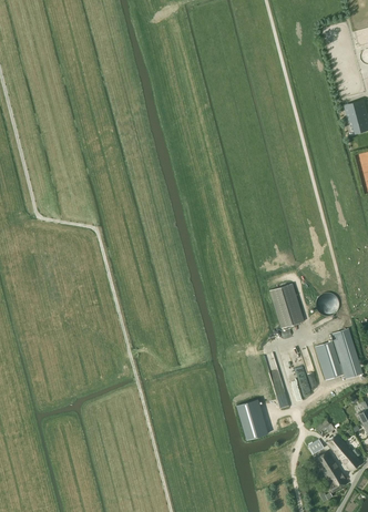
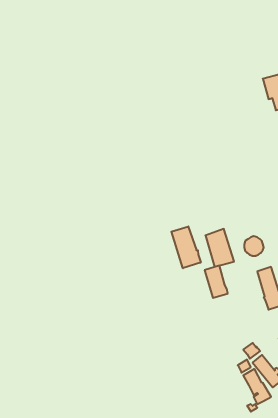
building: none -> [171,226,201,268]
building: [316,340,344,379] -> [205,266,228,298]
building: [241,409,269,441] -> none

